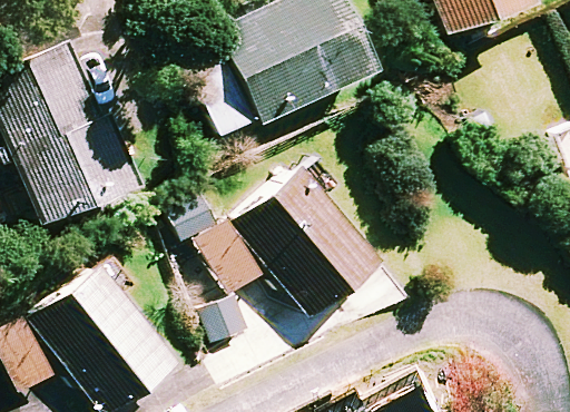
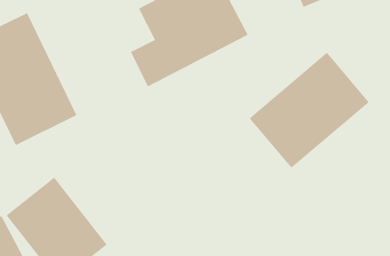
building: none -> [249,52,369,169]
building: [199,165,381,317] -> none

